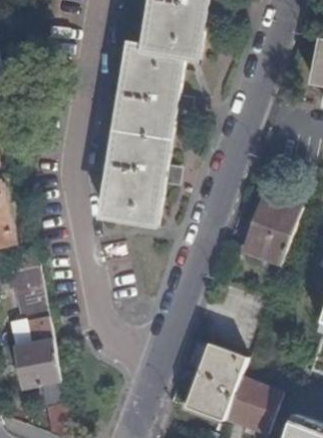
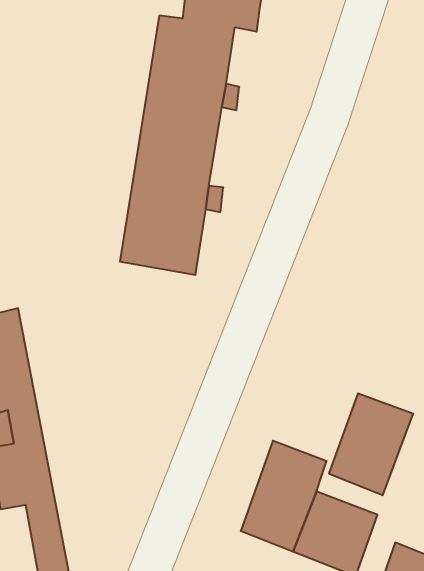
building: [243,194,301,265] -> [329,393,413,495]

